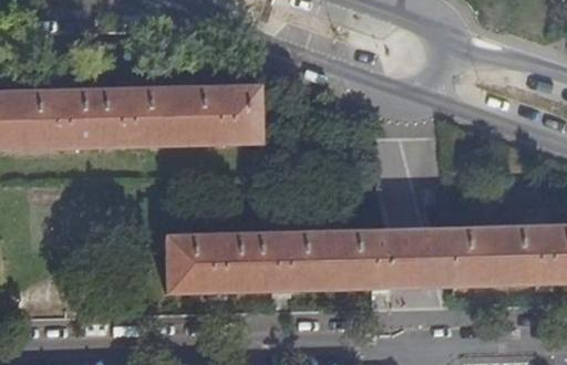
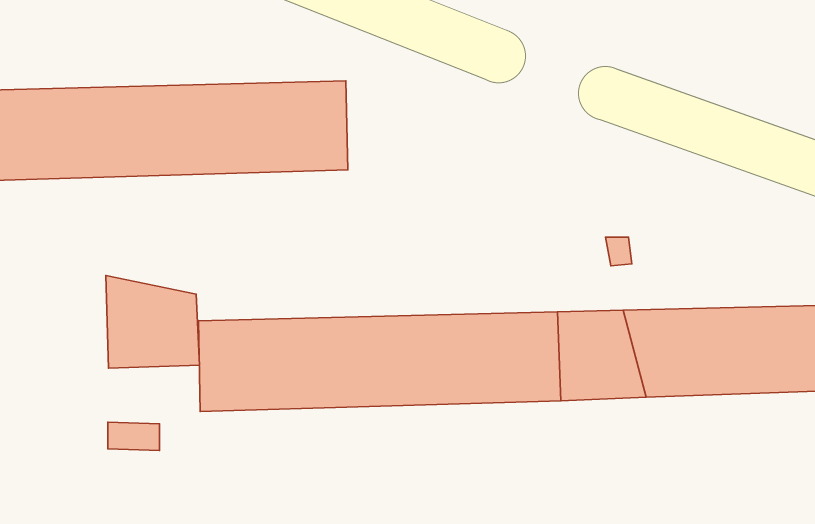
building: none -> [106,276,199,368]

